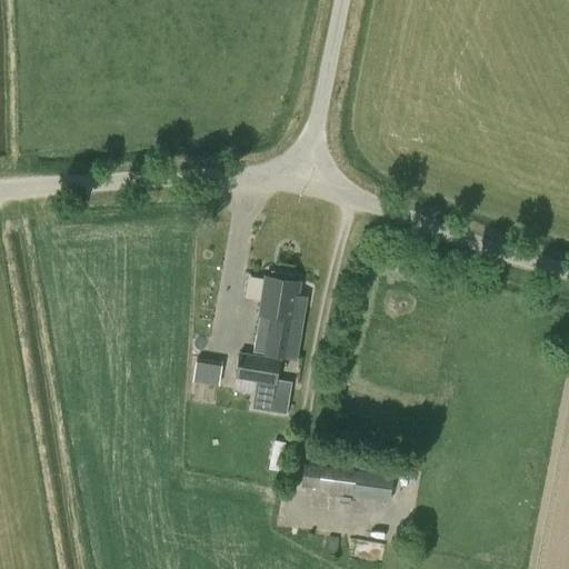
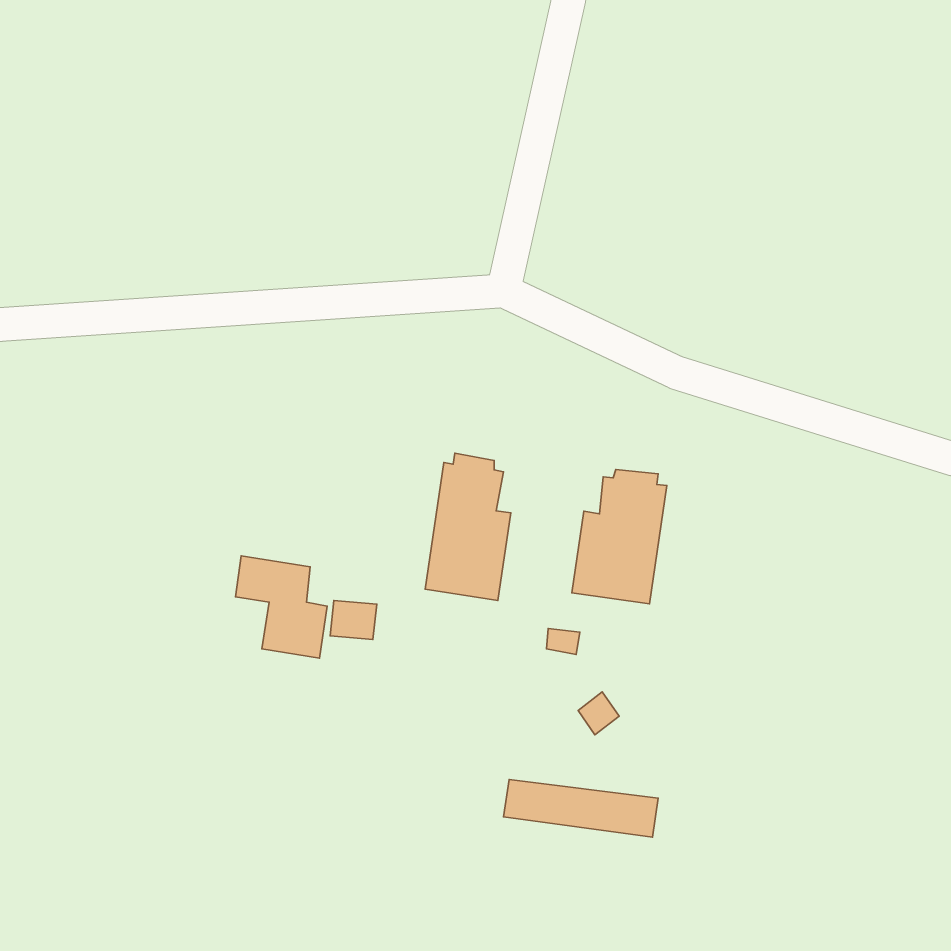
building: none -> [572,469,667,604]
building: [237,352,291,413] -> [236,556,327,658]

